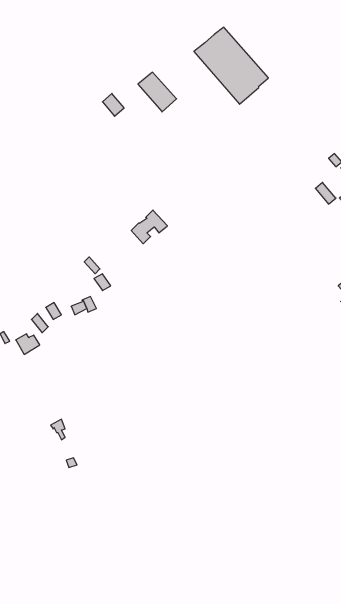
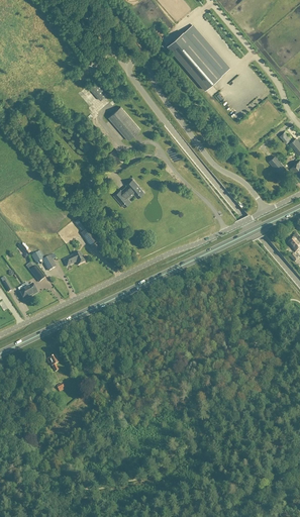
building: [138,72,177,112] -> [108,108,140,141]

